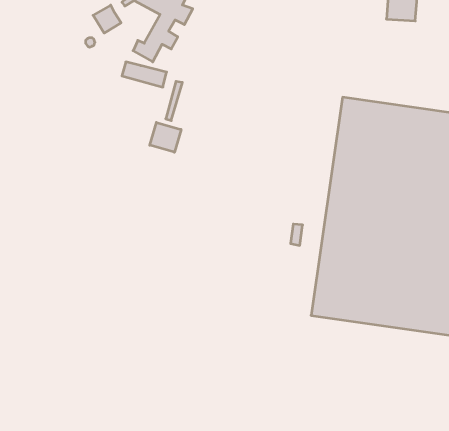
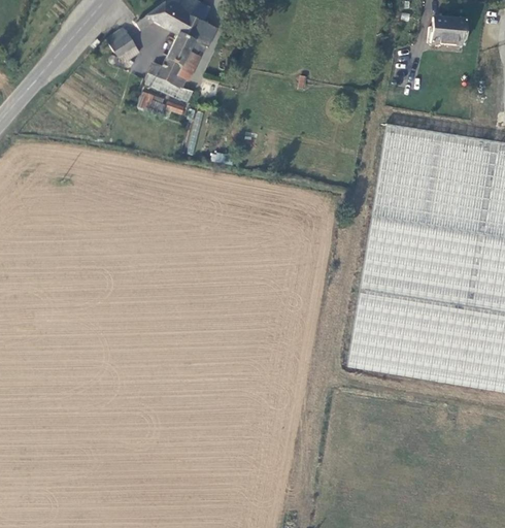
building: [150,122,181,152] -> none

